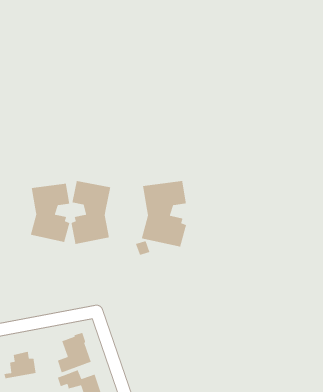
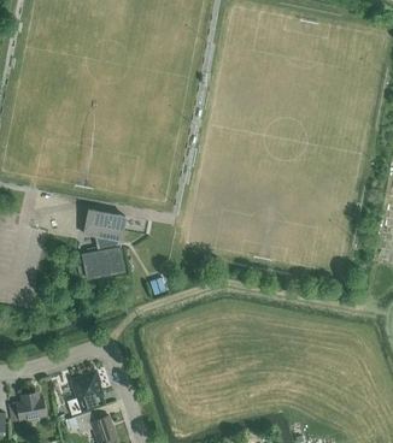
building: [141,180,187,248] -> none
building: [30,183,70,243] -> none

